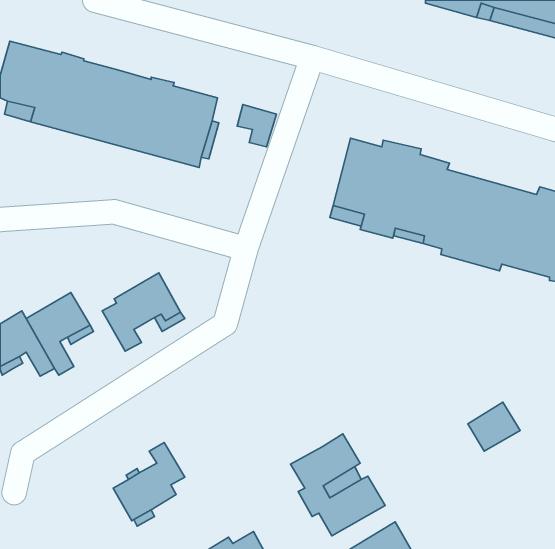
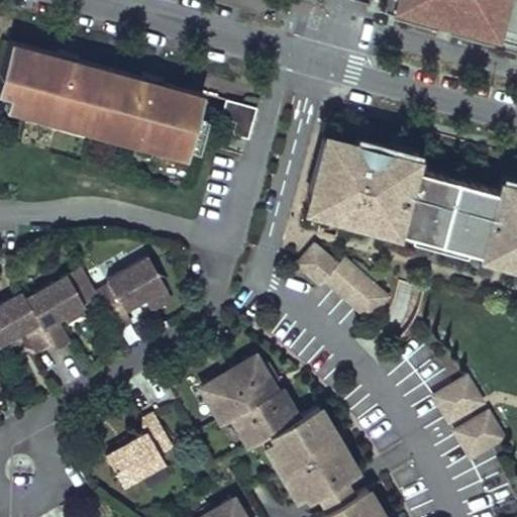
building: none -> [298,243,389,321]
building: none -> [203,359,300,450]
building: none -> [455,416,504,460]

